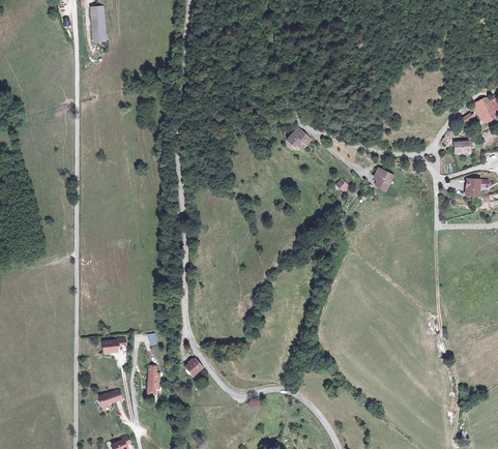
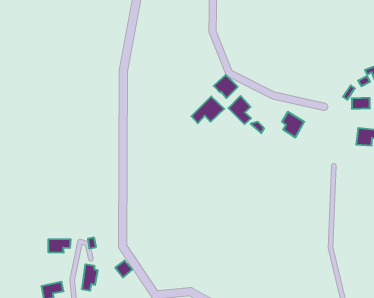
building: none -> [228,96,251,124]
building: none -> [191,96,224,123]

